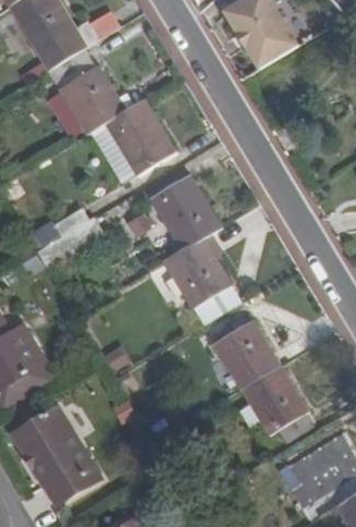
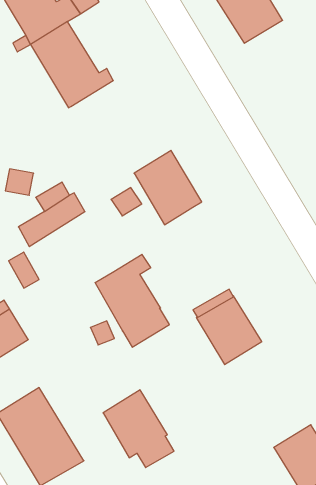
building: [88,97,175,180] -> none
building: [163,230,237,322] -> [95,254,169,347]
building: [242,364,312,441] -> [103,390,174,468]

